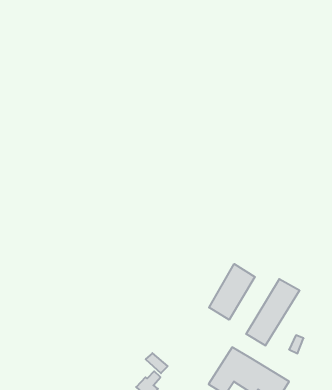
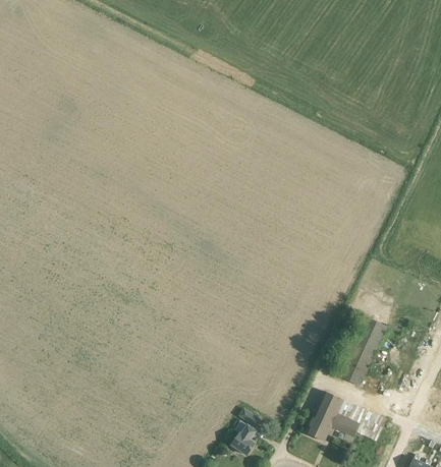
building: [209,264,255,320] -> none

